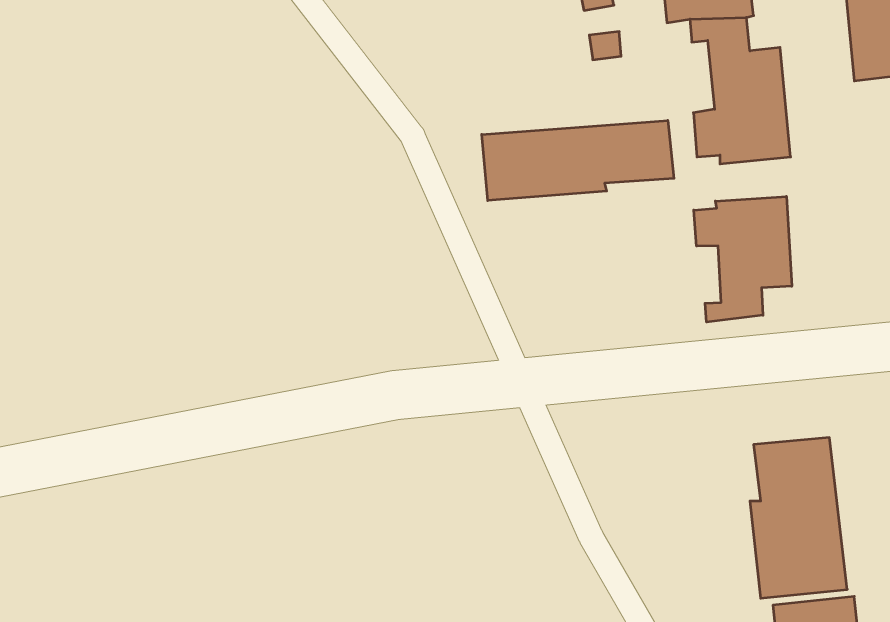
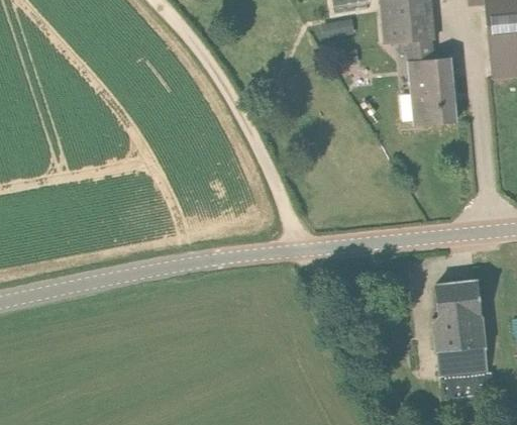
building: [482,120,674,201] -> none
building: [694,196,792,322] -> none

